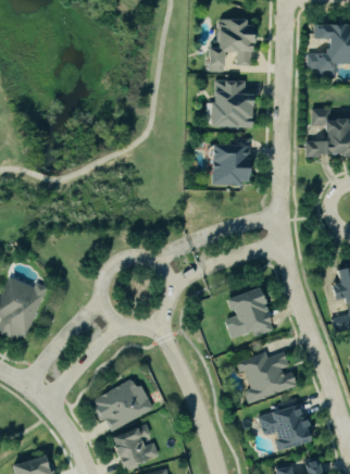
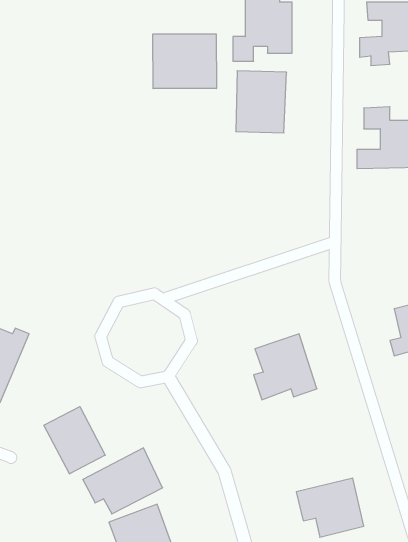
building: none -> [153,34,216,89]
building: [211,138,249,185] -> none
building: none -> [44,407,105,474]
building: [236,350,298,402] -> none

